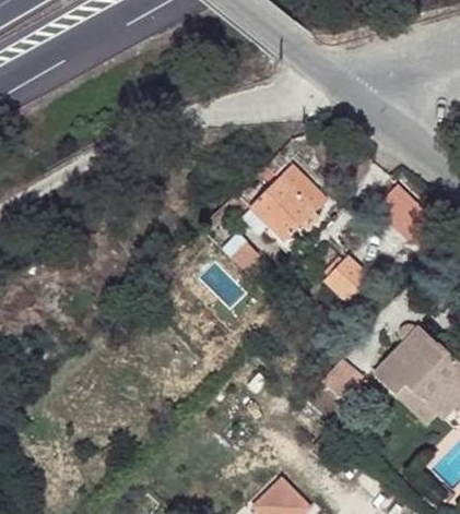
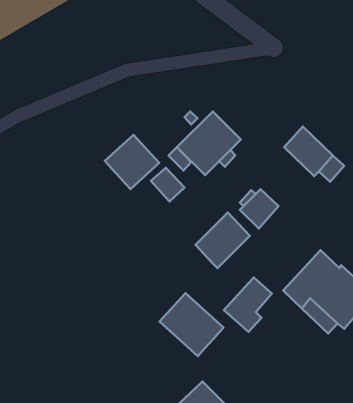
building: none -> [105,135,159,189]
building: none -> [196,212,250,268]
building: none -> [160,293,224,356]

